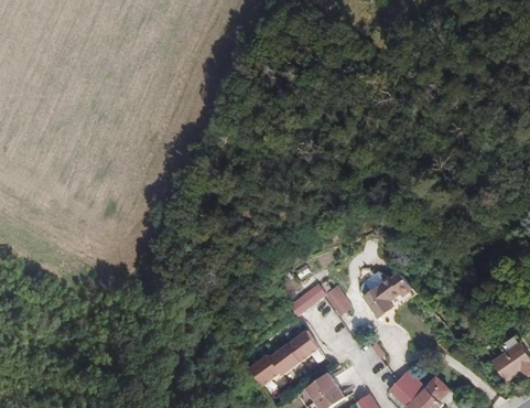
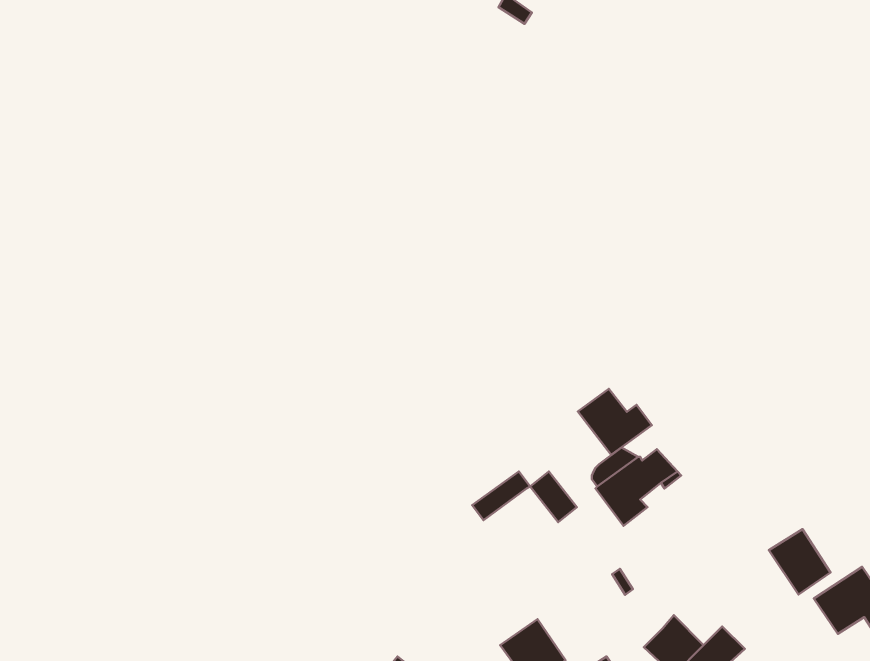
building: none -> [578,389,652,455]
building: none -> [769,529,830,595]
building: [248,332,318,386] -> none

